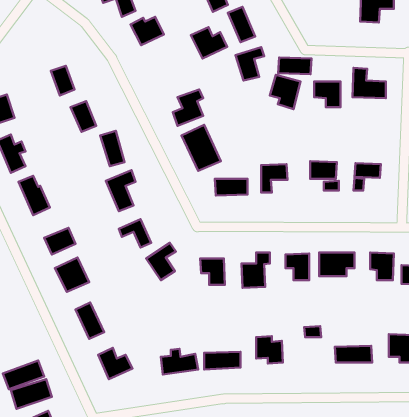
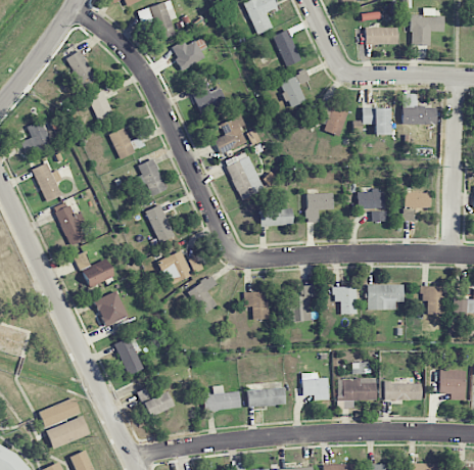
building: none -> [67,50,97,87]
building: [191,27,227,59] -> [190,82,228,114]
building: [278,57,312,74] -> [365,27,399,44]
building: none -> [338,378,378,408]

